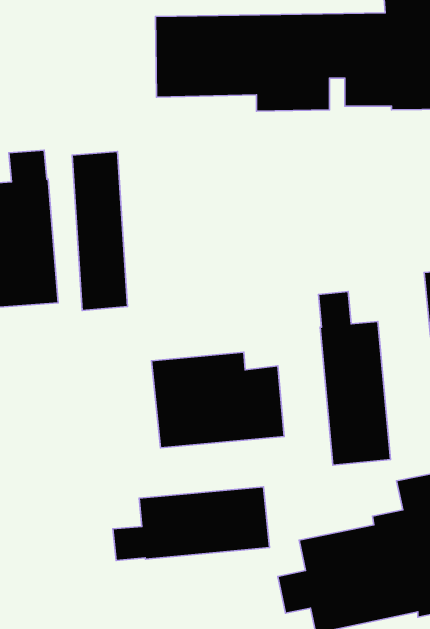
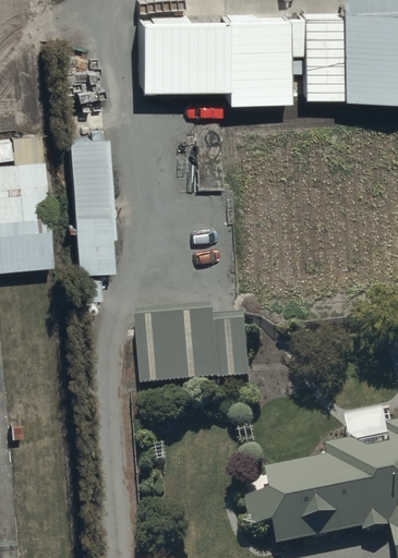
building: [319,291,390,465] -> none
building: [113,487,270,560] -> none

